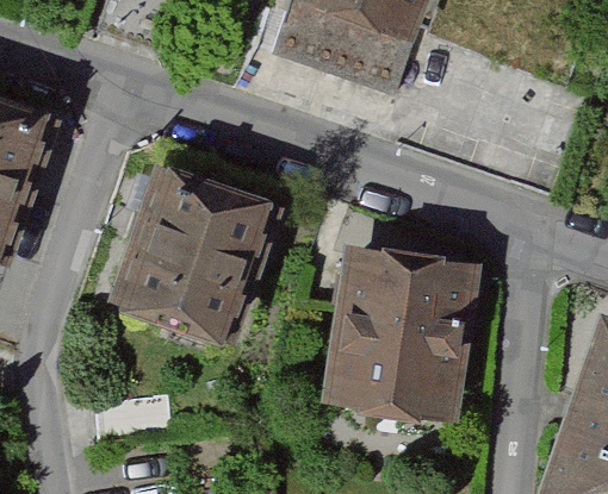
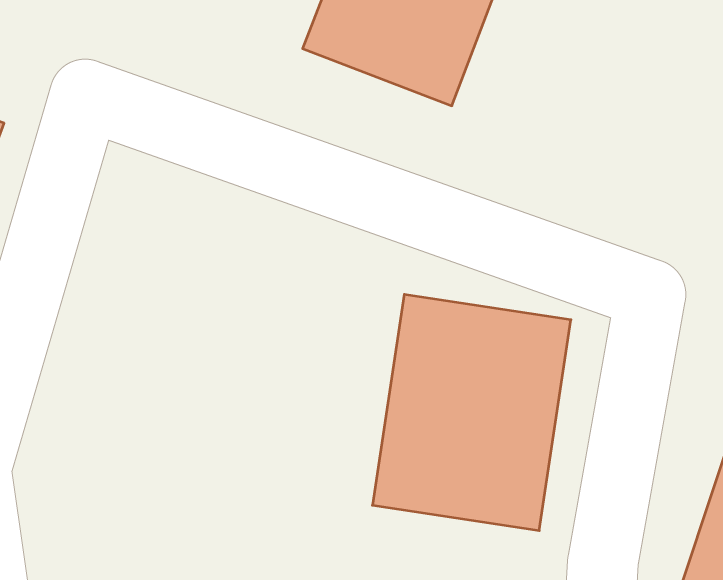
building: [124,156,279,338] -> none

